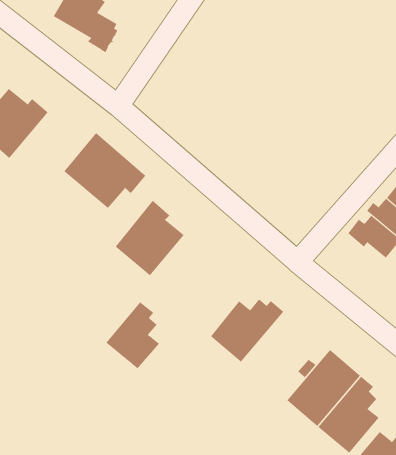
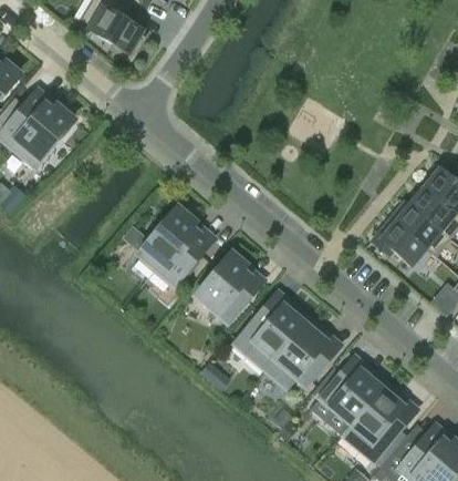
building: [63,132,146,209] -> none
building: [106,302,160,369] -> [197,253,251,320]
building: none -> [266,318,326,396]

